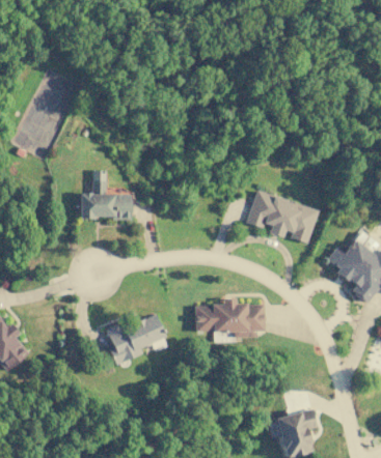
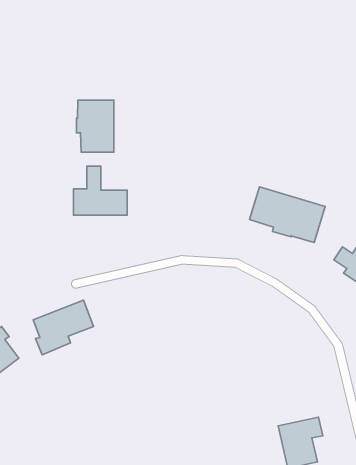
building: none -> [76,100,114,152]
building: [194,298,264,338] -> none
building: [107,313,164,365] -> [33,300,93,355]

